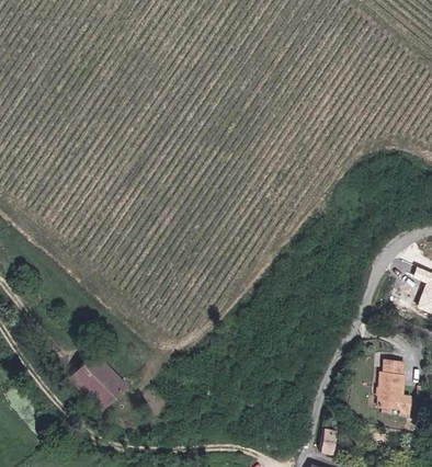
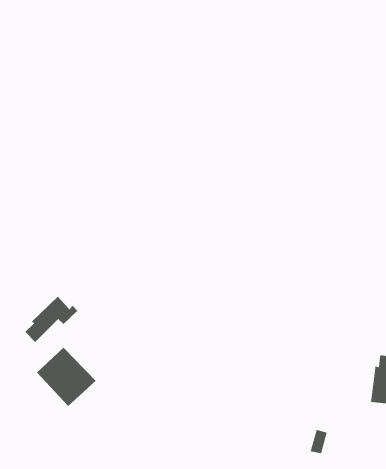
building: none -> [24,296,78,343]

